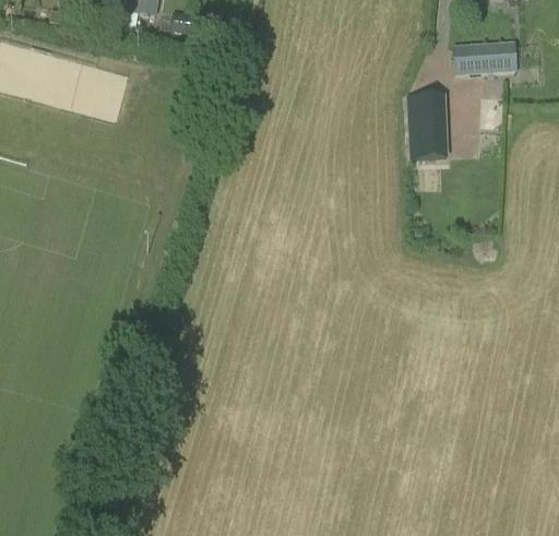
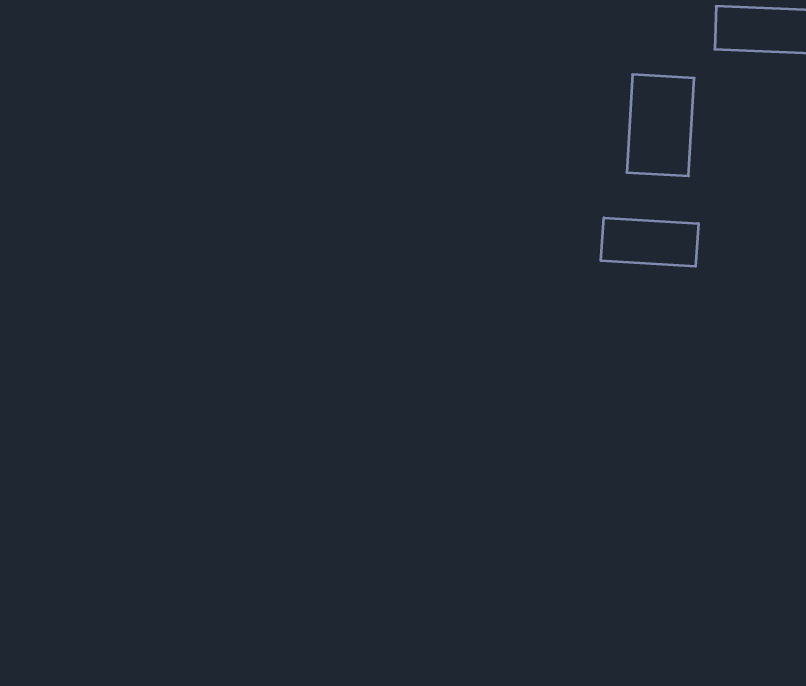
building: none -> [601,218,698,266]

